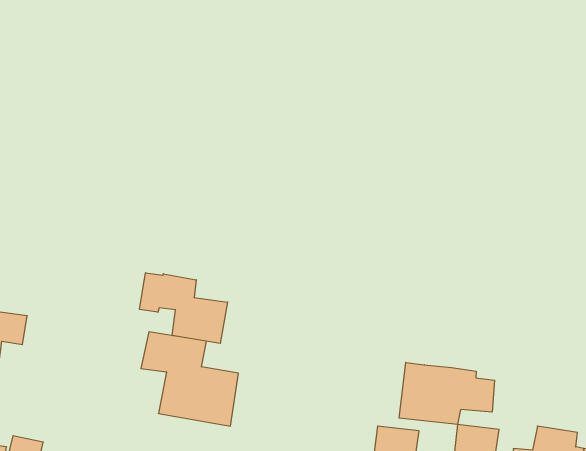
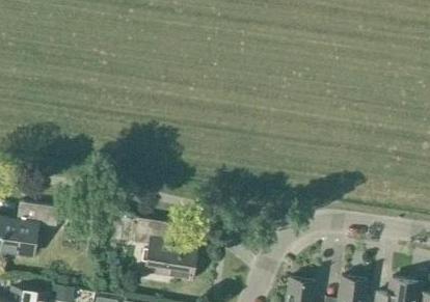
building: [140,273,228,343] -> none
building: [399,362,495,425] -> none

